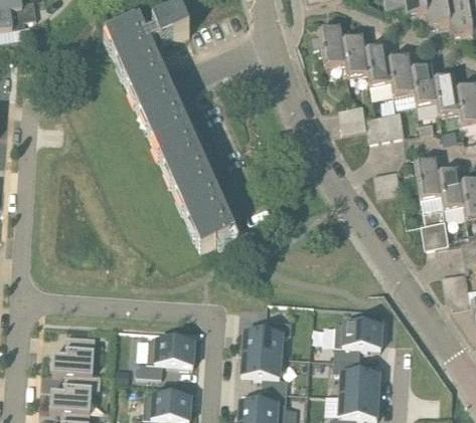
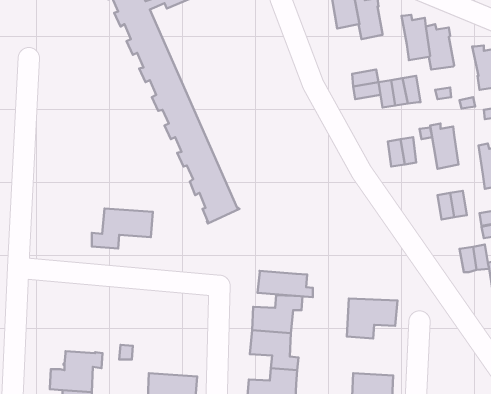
building: [364,42,394,97] -> none
building: [433,71,461,115] -> none
building: [438,166,465,208] -> none
building: none -> [257,271,313,297]
building: [53,335,97,375] -> none
building: [138,339,196,377] -> [92,209,153,249]
building: [334,359,380,396] -> none

